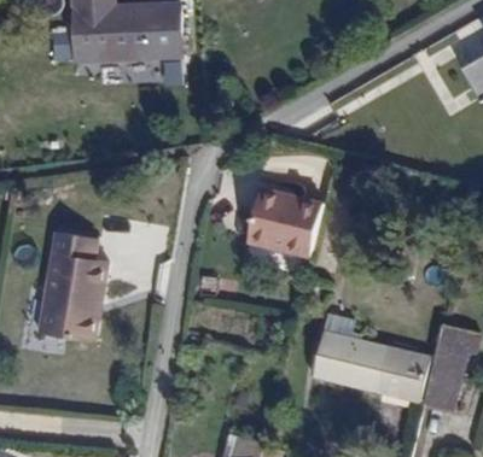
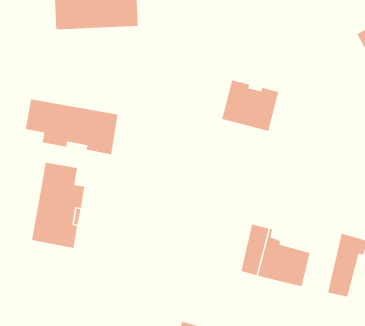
building: none -> [25,99,118,155]
building: [248,188,322,256] -> [221,79,279,132]
building: [391,350,429,400] -> none

